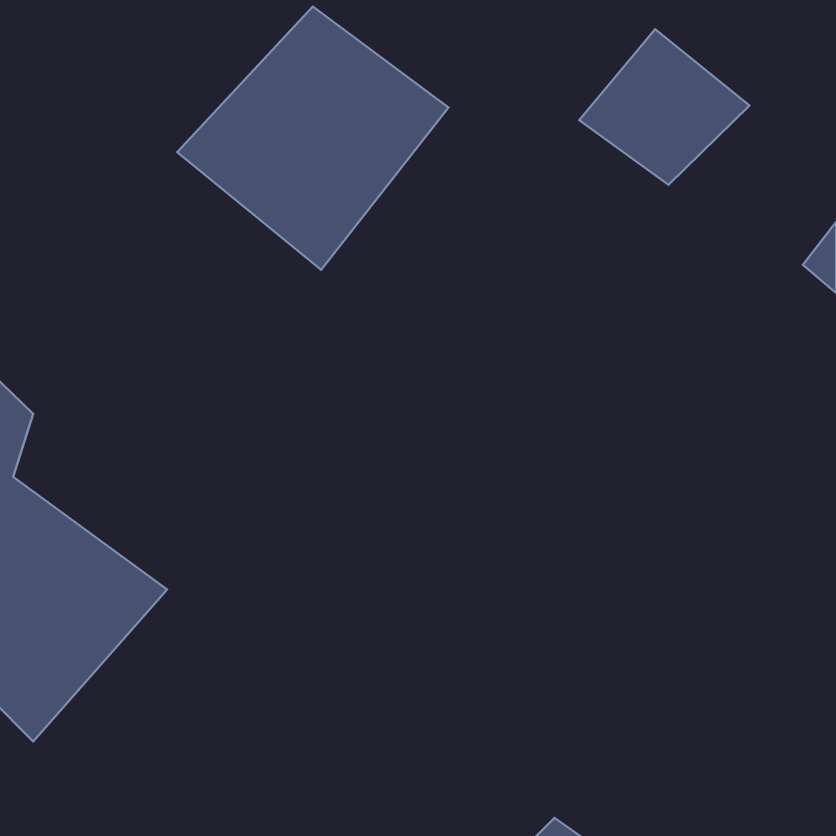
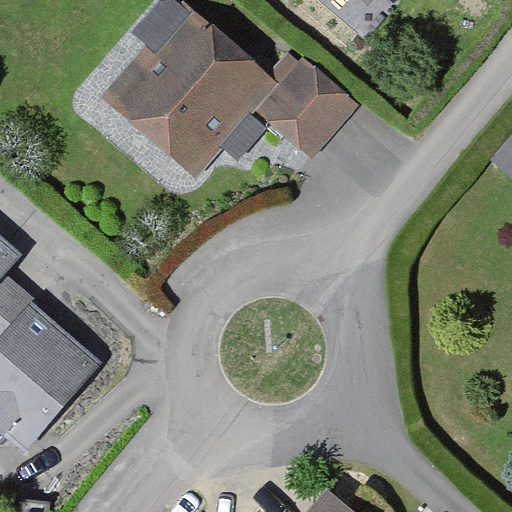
building: [579,29,750,185] -> [257,59,360,153]

